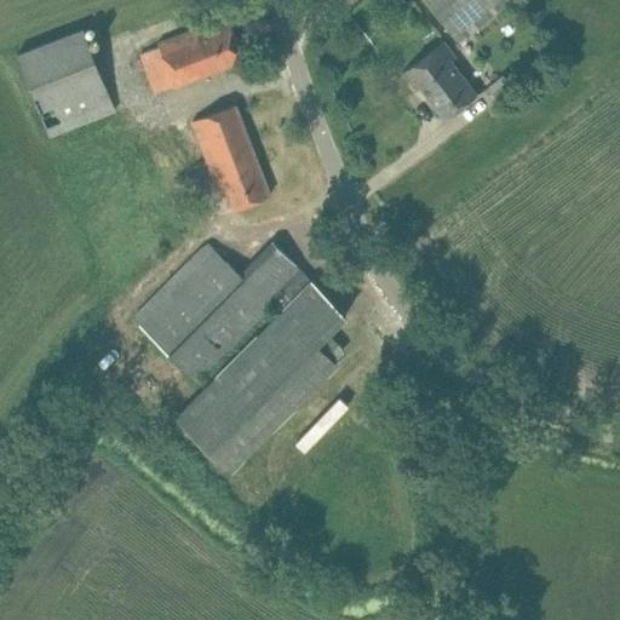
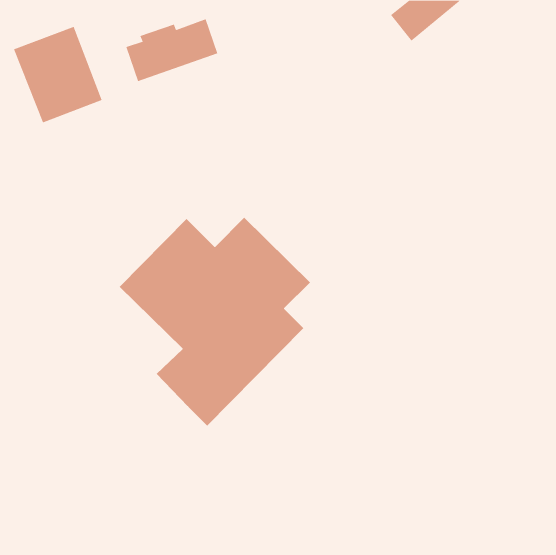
building: [401,42,477,121] -> none
building: [193,107,269,211] -> none

